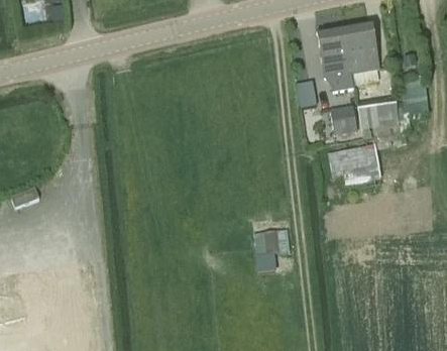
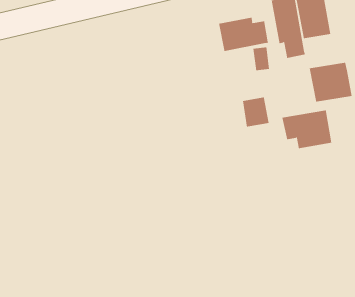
building: none -> [218,17,269,52]
building: [330,105,358,136] -> [242,97,270,127]
building: [254,228,289,269] -> none

